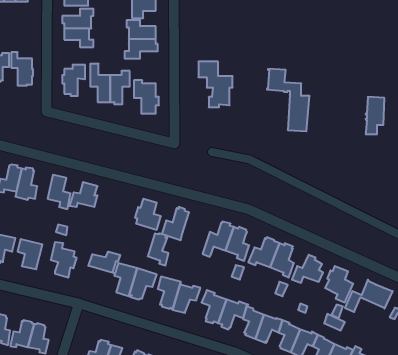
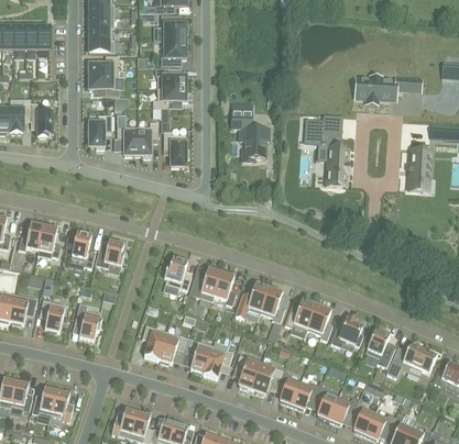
building: none -> [354,75,419,102]
building: [148,233,168,266] -> [212,270,234,304]
building: [88,252,120,274] -> none

